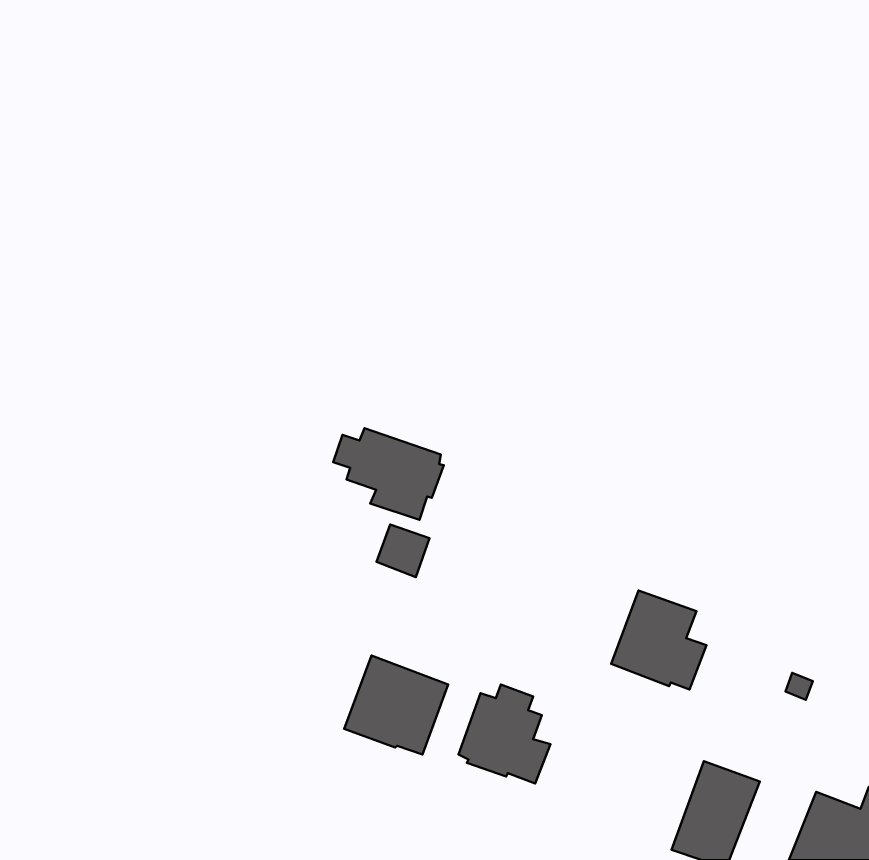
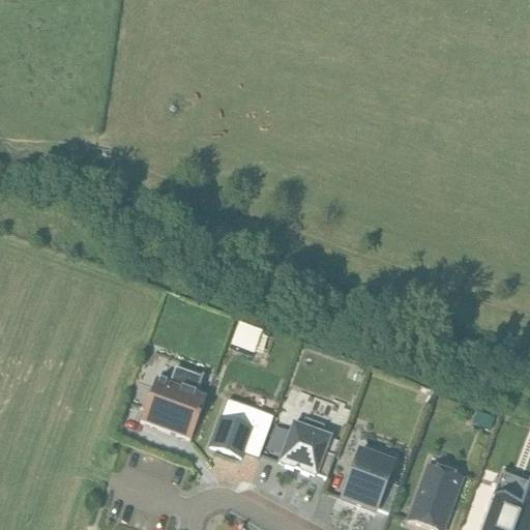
building: [333,428,444,520] -> none
building: [611,591,707,689] -> [342,449,400,509]
building: none -> [141,364,206,436]

